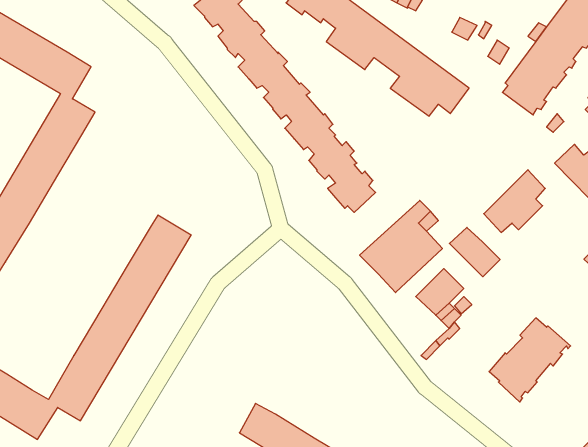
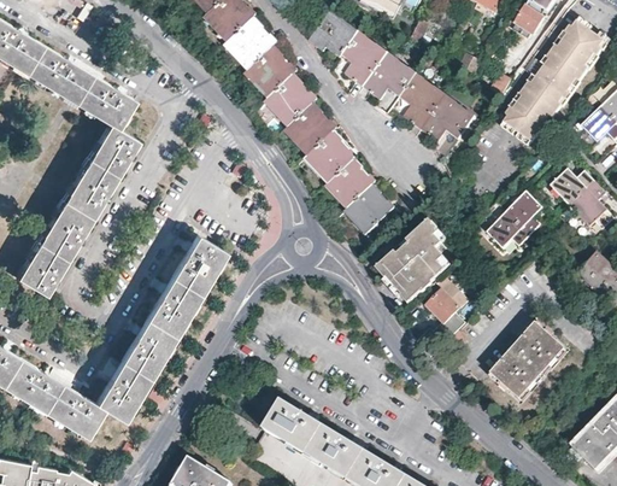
building: [449,227,500,277] -> none

